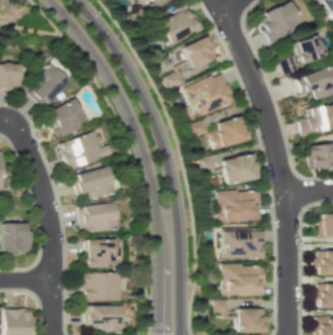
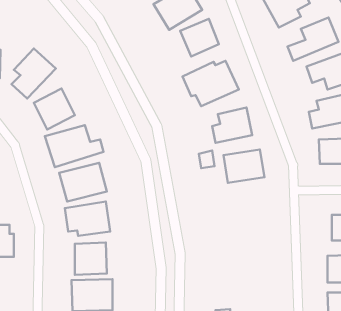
building: [219,191,262,223] -> none
building: [224,230,265,259] -> none
building: [223,265,266,297] -> none

